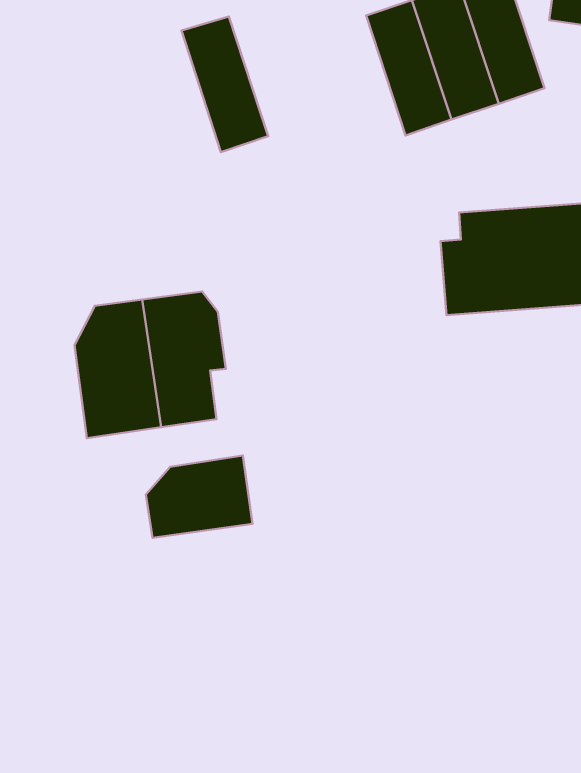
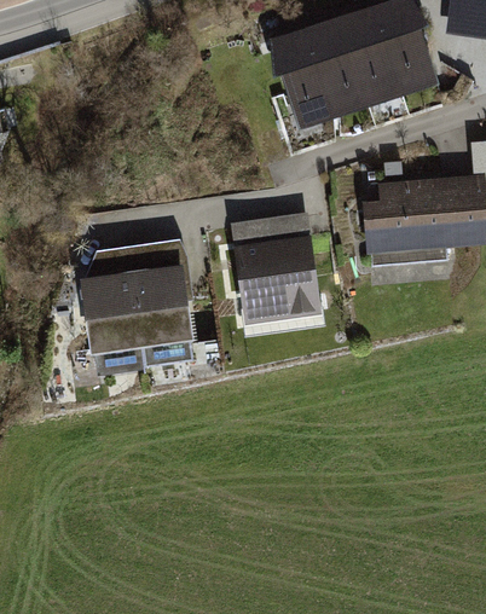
building: [181,16,268,152] -> [268,28,335,132]
building: none -> [230,213,320,326]
building: [146,455,252,538] -> none

